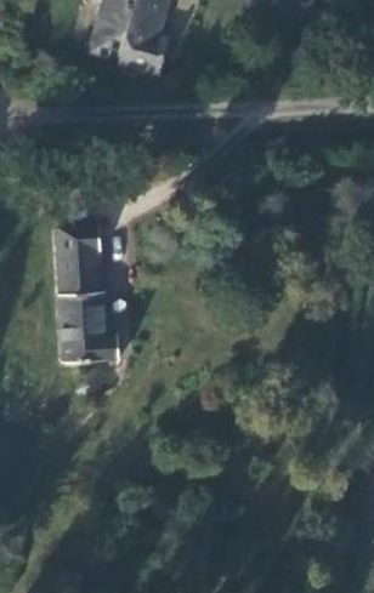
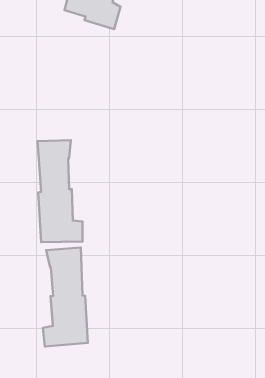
building: none -> [43,247,88,347]

